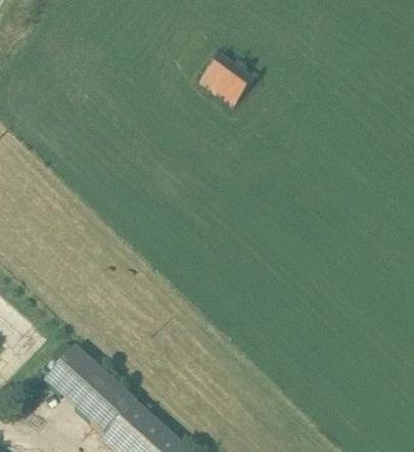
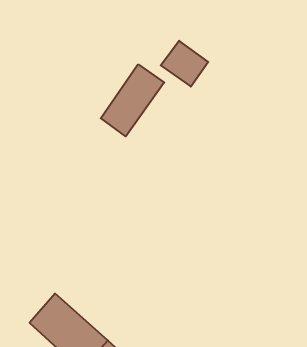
building: none -> [101,65,164,136]

